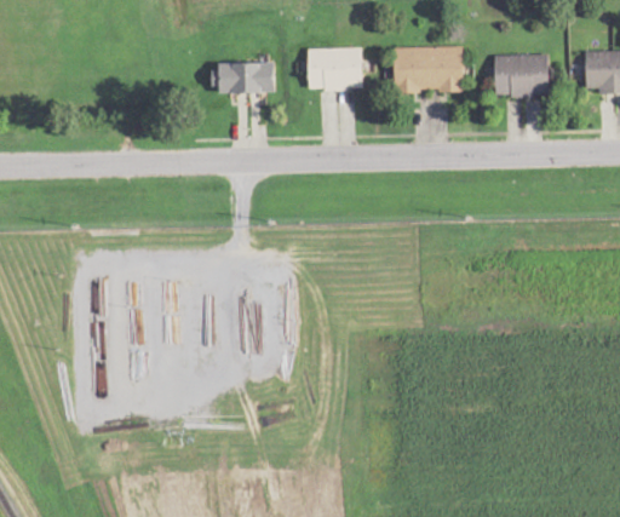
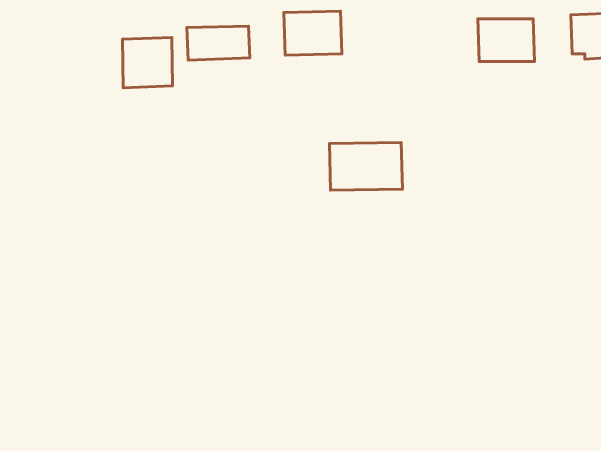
building: [394,46,464,92] -> [329,142,402,190]
building: none -> [123,37,173,88]

